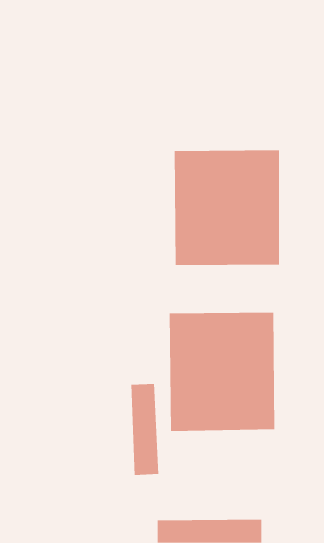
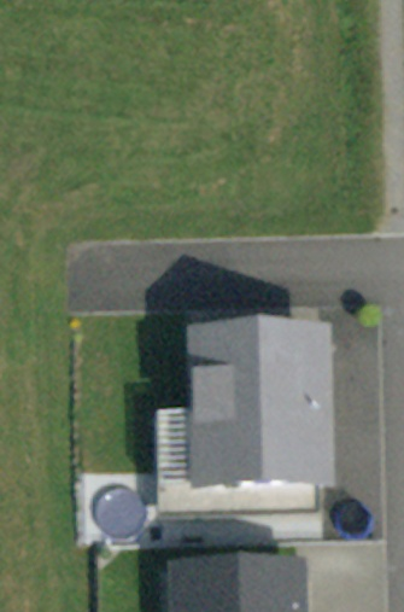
building: [174,150,280,266] -> none

